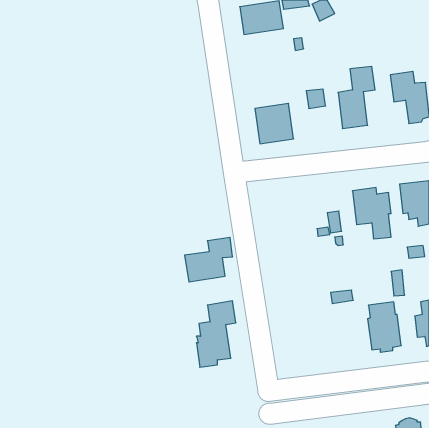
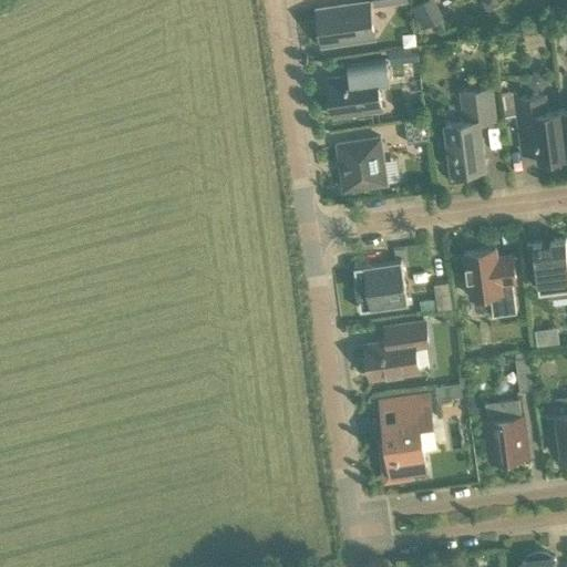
building: none -> [326,58,388,118]
building: none -> [353,261,406,312]
building: [185,237,233,282] -> [364,322,427,381]
building: [196,301,236,367] -> [380,394,432,482]

